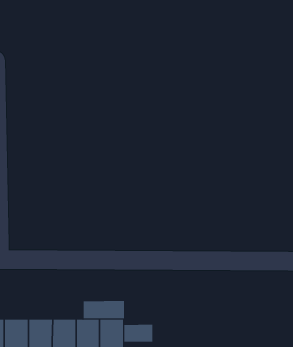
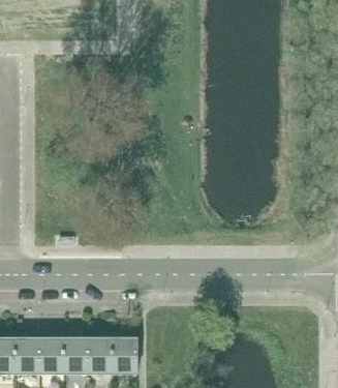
building: [83,300,125,319] -> none
building: [124,324,153,343] -> none

